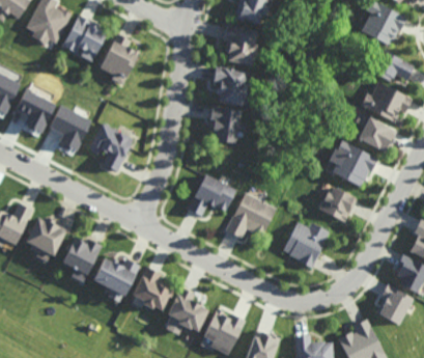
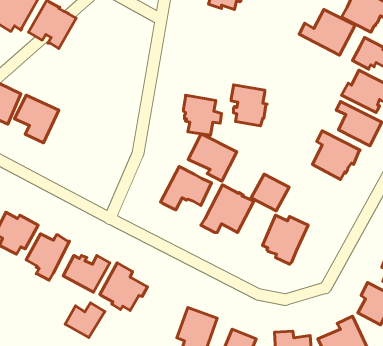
building: none -> [299,10,355,55]
building: [222,25,258,65] -> none
building: [97,33,140,85] -> none
building: [213,66,247,106] -> [231,85,267,126]
building: [83,119,134,170] -> none
building: none -> [188,134,237,181]
building: [321,186,358,221] -> [251,174,289,211]
building: [169,288,207,328] -> none
building: none -> [65,303,105,338]

